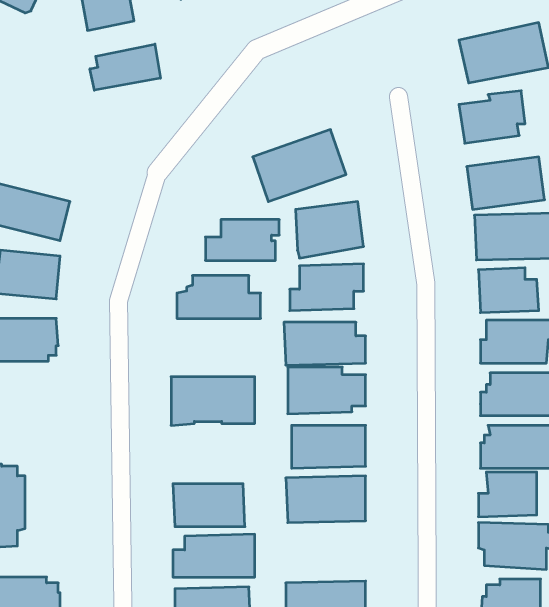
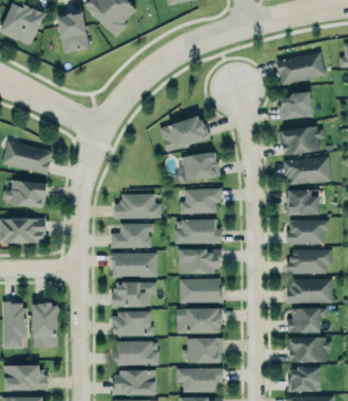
building: [90,44,160,90] -> none
building: [205,220,279,260] -> [112,224,154,247]
building: none -> [113,282,157,308]
building: none -> [32,304,58,348]
building: none -> [180,336,222,362]

